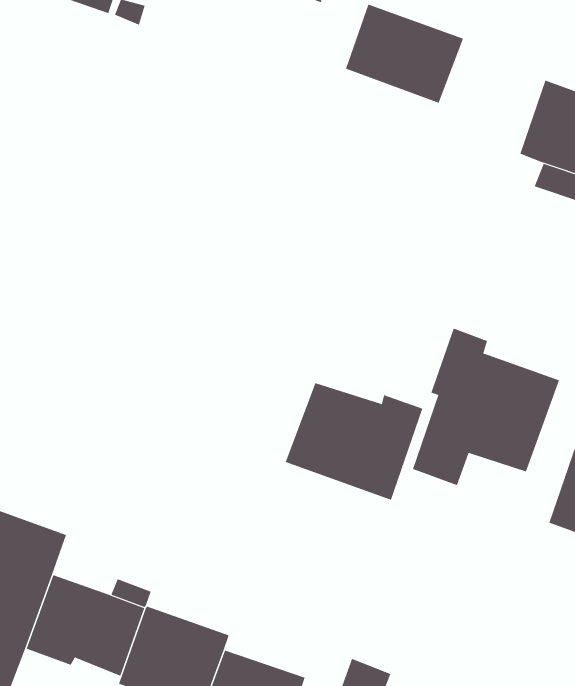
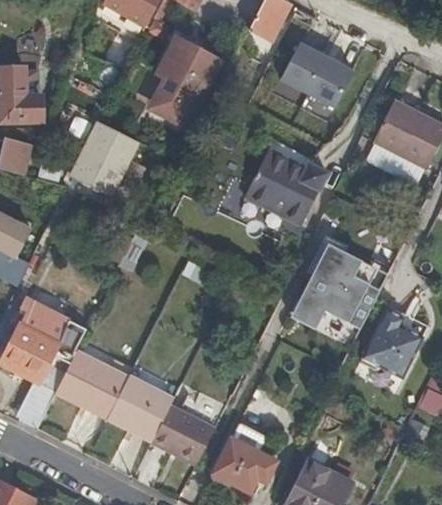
building: none -> [146,35,220,128]
building: none -> [72,119,137,191]
building: [285,383,423,501] -> [243,150,327,224]

